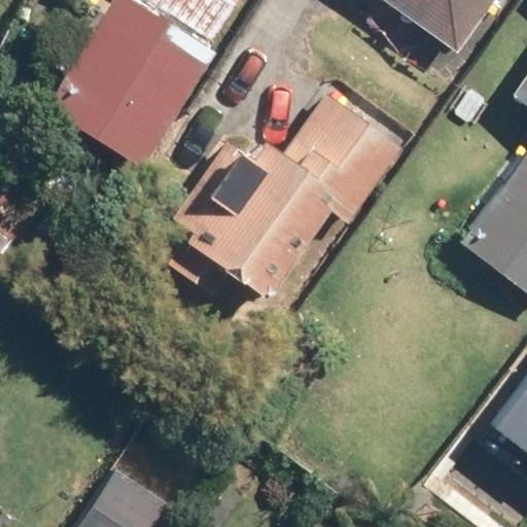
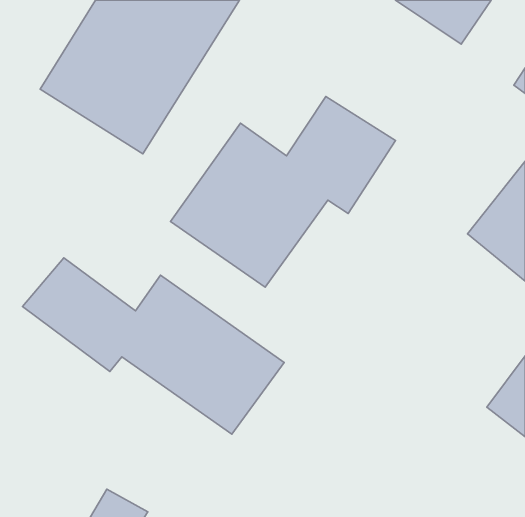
building: none -> [23,258,284,434]

